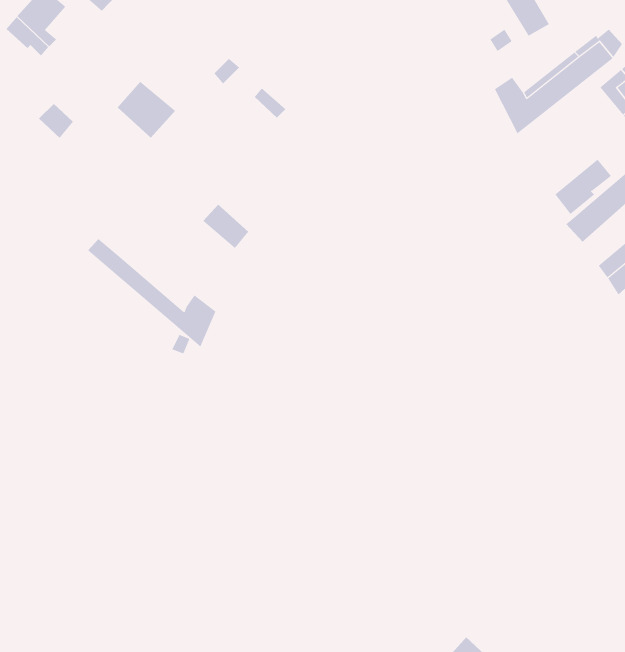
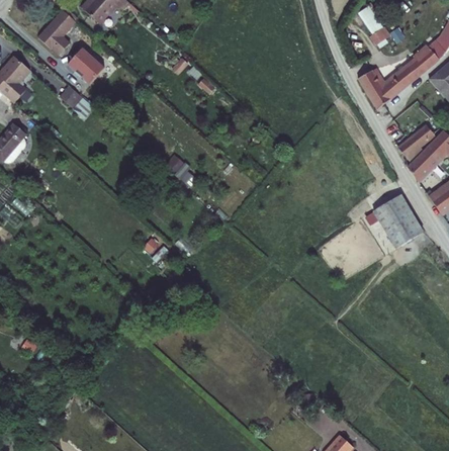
building: [117,81,176,139] -> [70,50,108,87]
building: [87,238,216,348] -> none
building: none -> [373,194,422,247]

